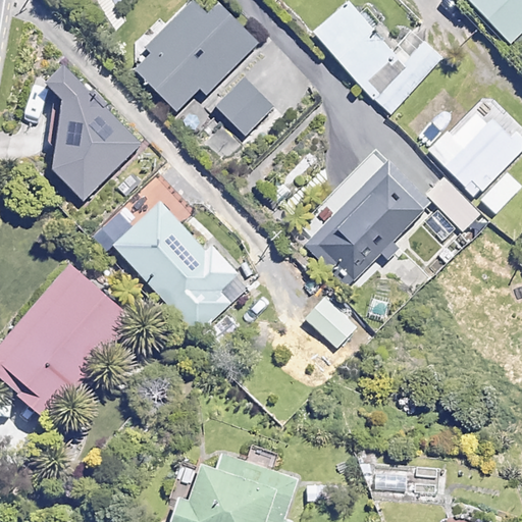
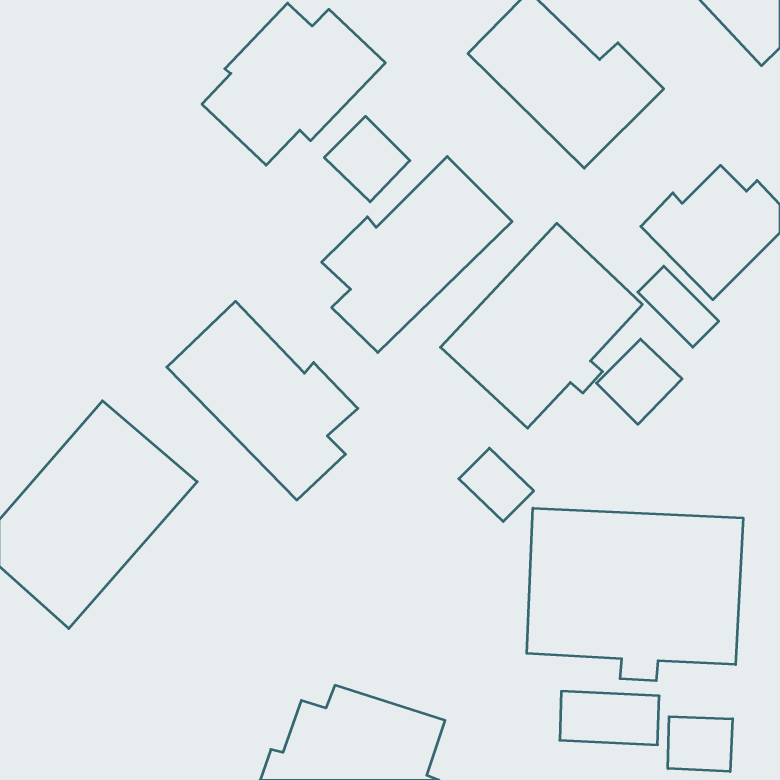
building: [46,67,142,201] -> none
building: none -> [322,156,512,353]
building: none -> [596,339,682,424]
building: none -> [527,508,743,681]
building: none -> [668,717,733,772]

